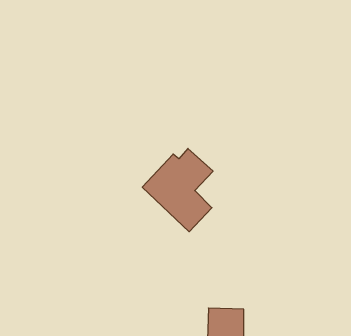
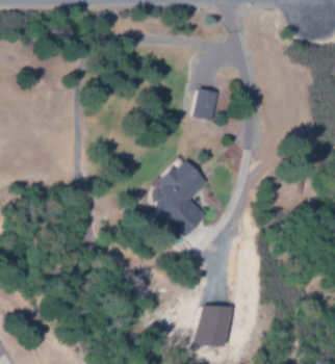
building: none -> [191,87,220,120]

